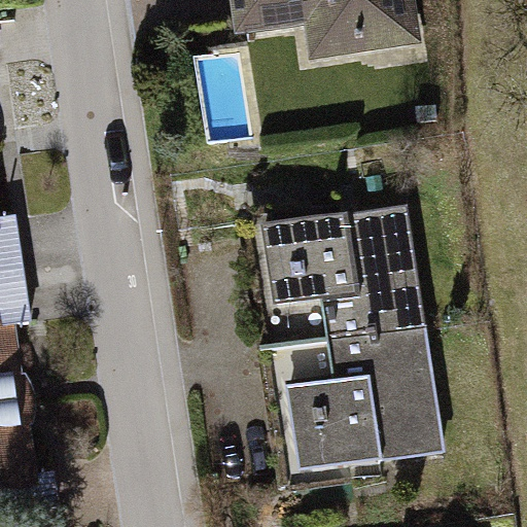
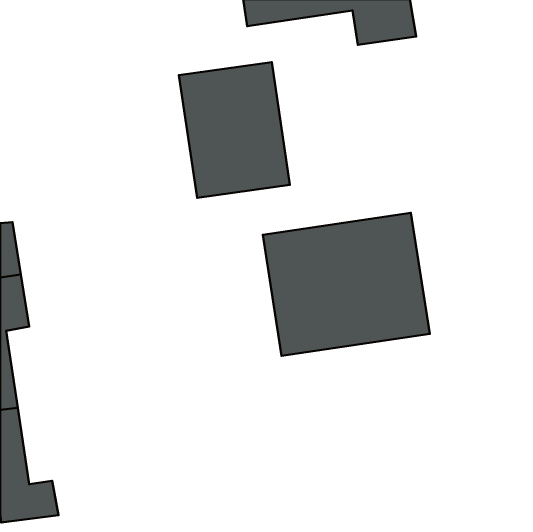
building: none -> [179,62,290,198]
building: [278,329,443,473] -> none

